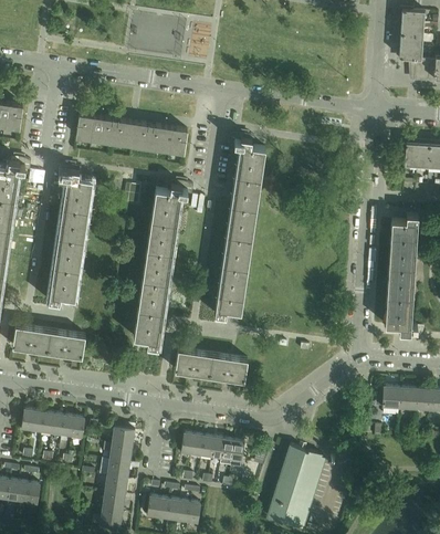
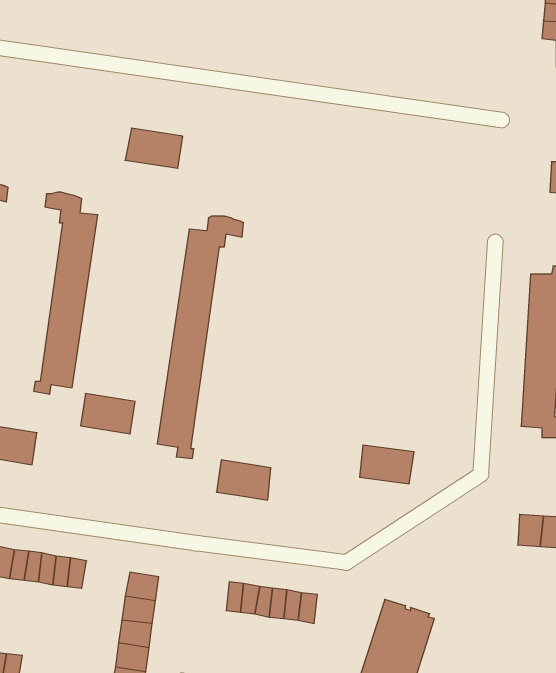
building: [76,115,116,143] -> none
building: [148,126,187,154] -> none
building: [214,134,265,317] -> none
building: [48,331,85,358] -> [81,394,135,434]
building: [210,355,248,381] -> [360,445,414,484]

